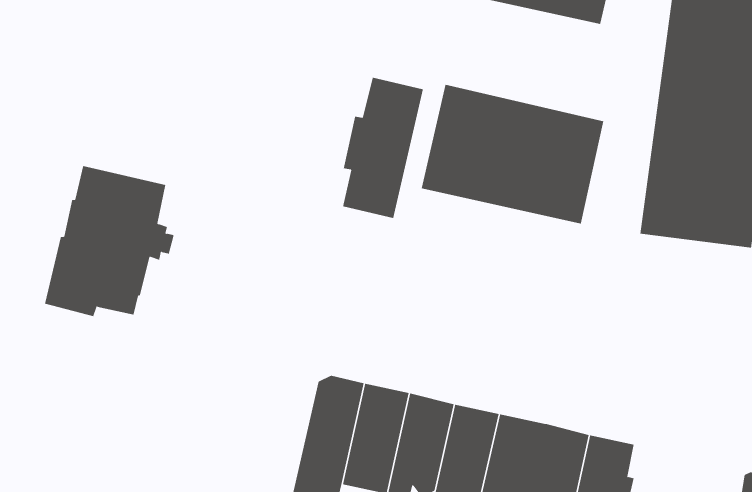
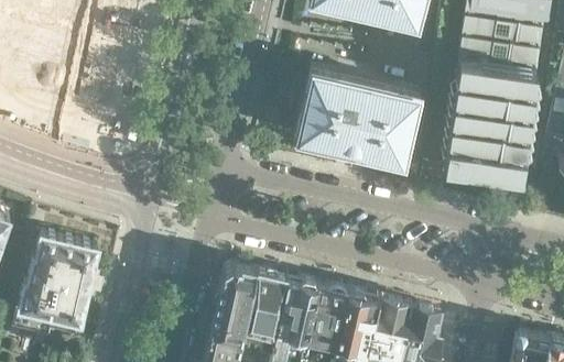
building: [342,77,423,219] -> none
building: [44,166,174,317] -> [18,238,107,341]

